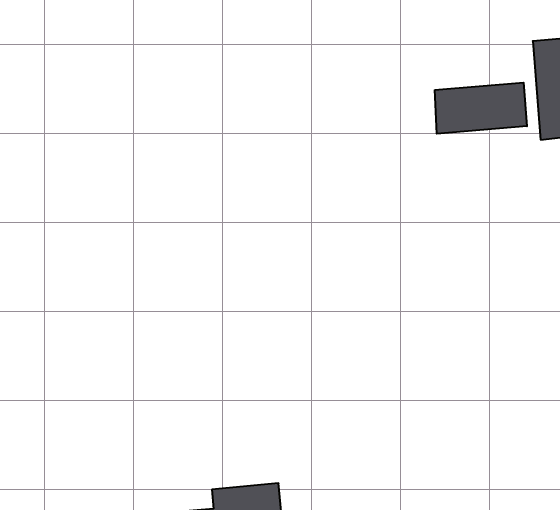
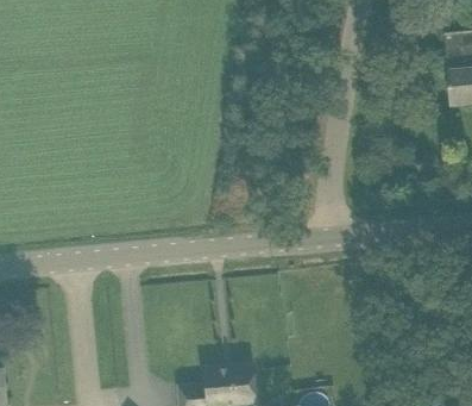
building: [435,83,527,134] -> none

